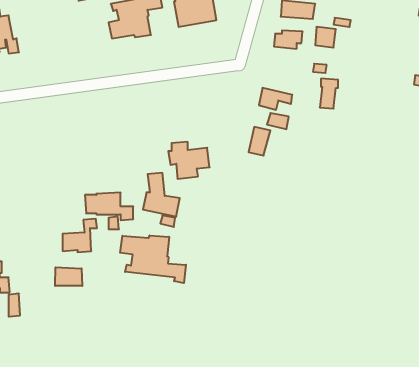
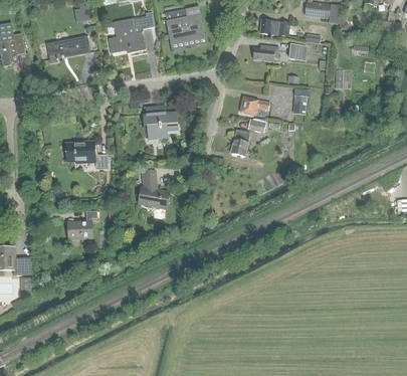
building: none -> [46,34,91,62]
building: [168,142,210,179] -> [142,107,178,139]
building: [85,193,133,220] -> [65,143,108,167]
building: [120,235,186,283] -> none
building: [55,267,82,286] -> none

